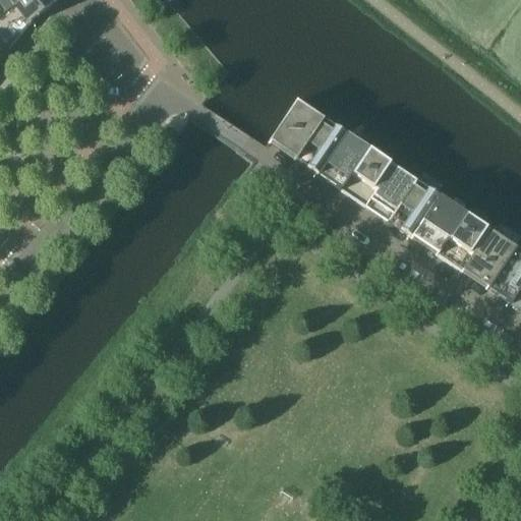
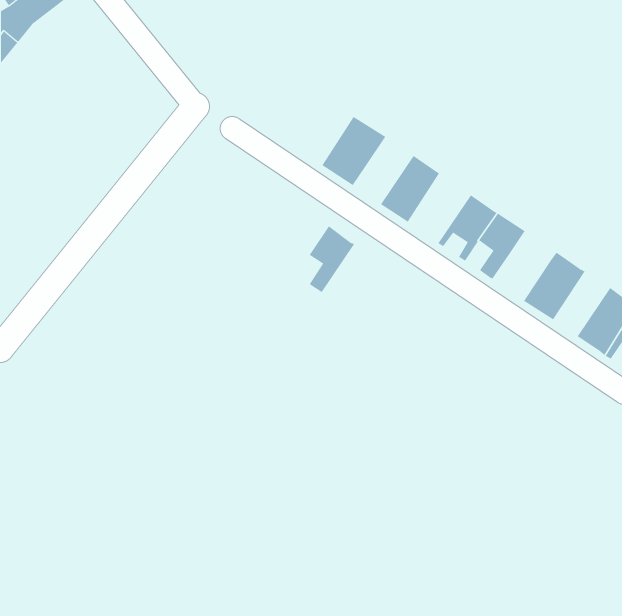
building: [307,114,346,170] -> [309,226,355,293]
building: [342,144,394,202] -> none
building: [412,192,465,250] -> none
building: [463,226,510,280] -> none

